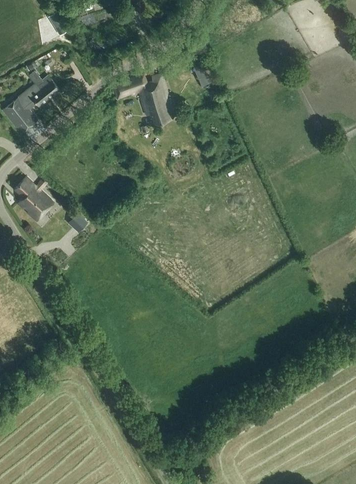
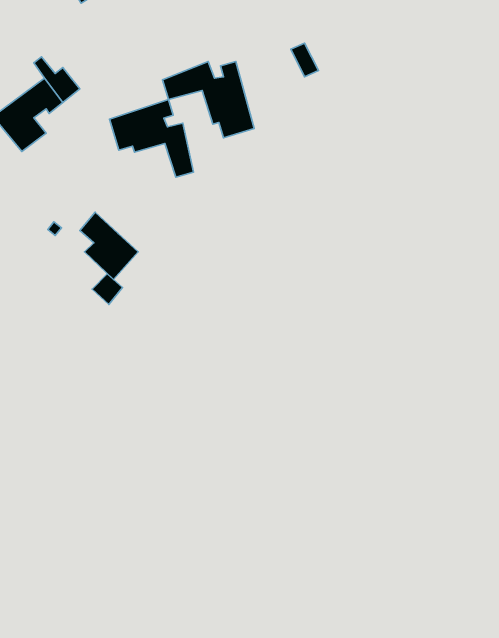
building: none -> [110,100,194,177]
building: [15,177,53,221] -> [80,212,138,279]

